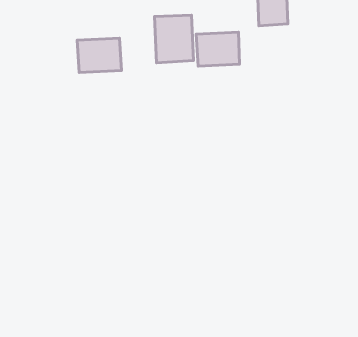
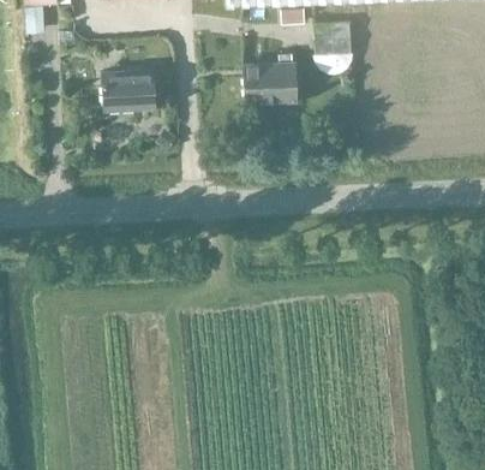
building: [154,15,194,63] -> none

